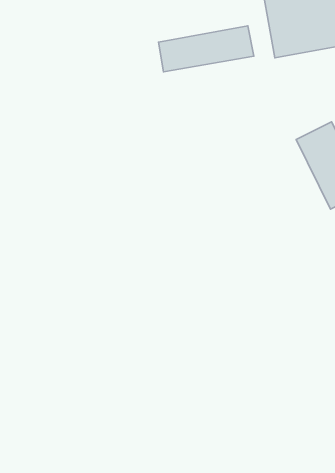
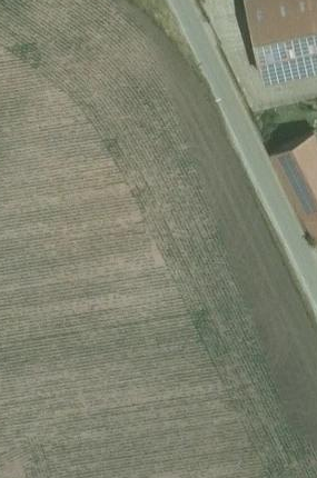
building: [159,26,254,72] -> none

